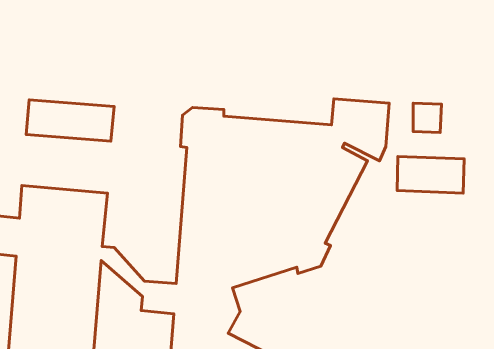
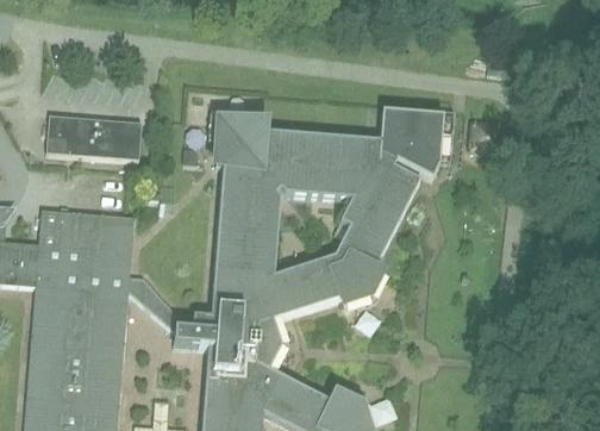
building: [397,156,464,193] -> none

